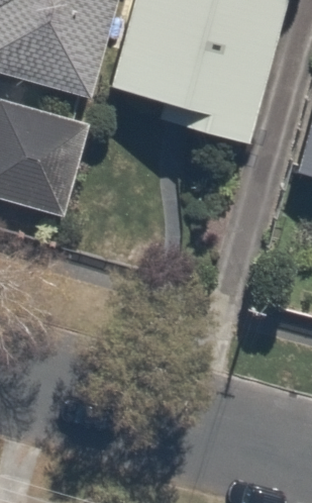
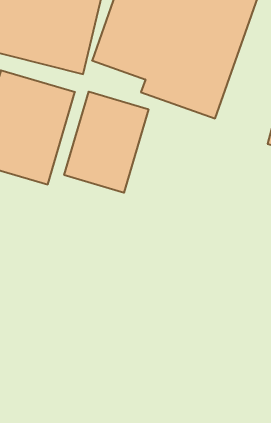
building: none -> [64,92,148,193]

